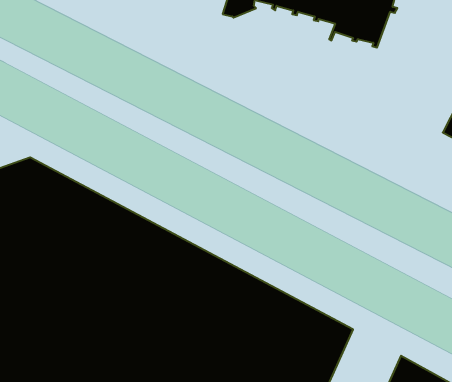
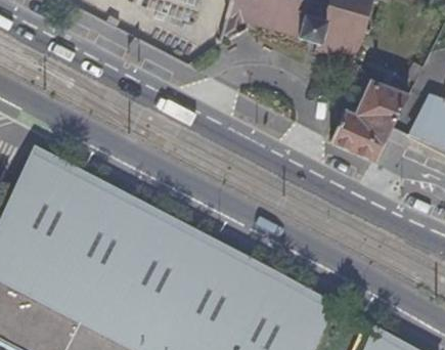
building: none -> [331,81,409,161]

